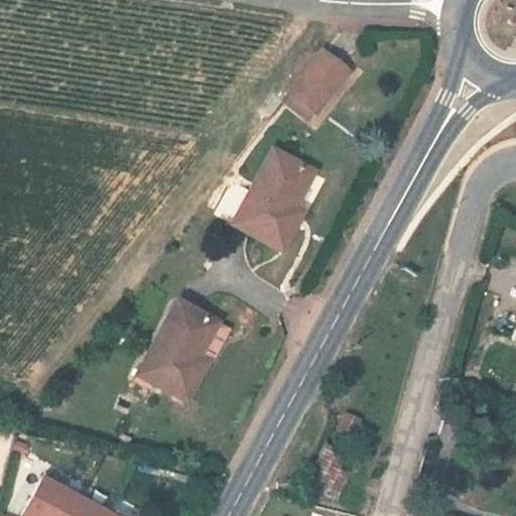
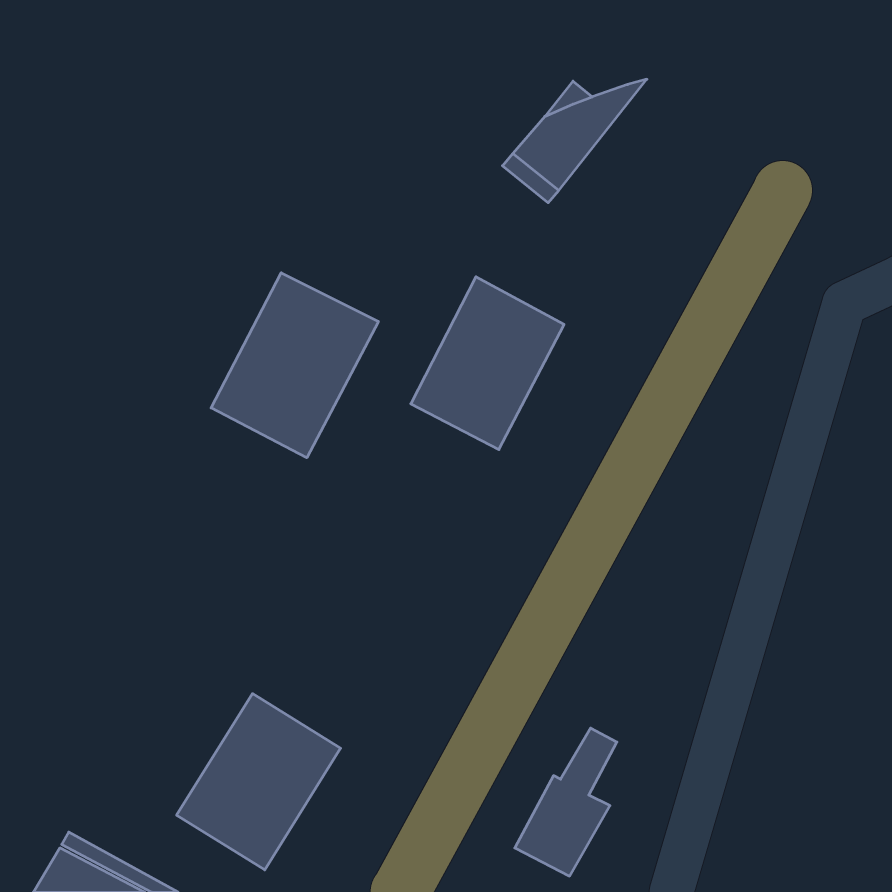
building: none -> [211,273,378,458]
building: [132,299,226,400] -> [177,694,341,870]

